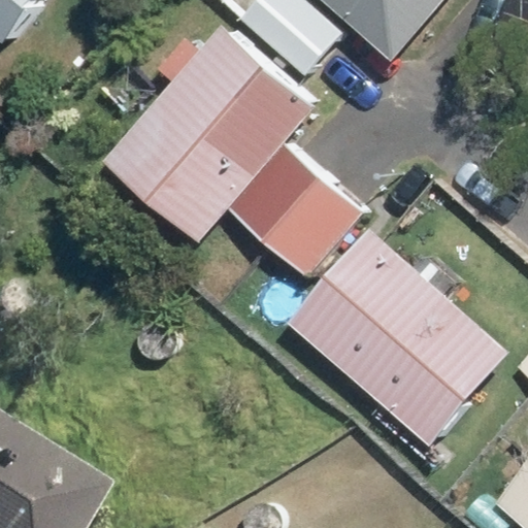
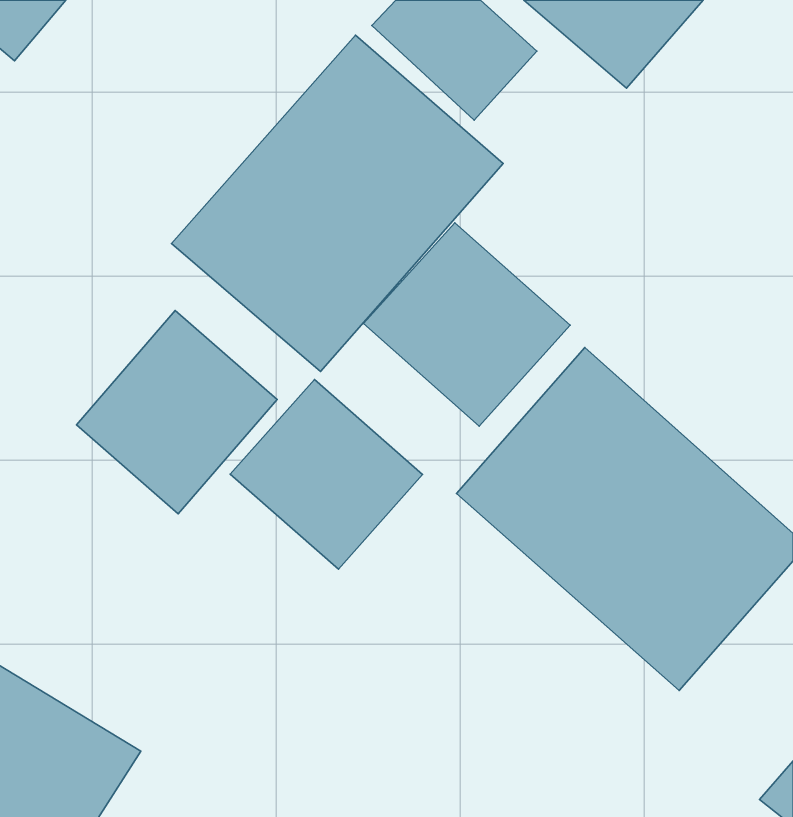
building: none -> [76,310,277,514]
building: none -> [230,380,423,569]

